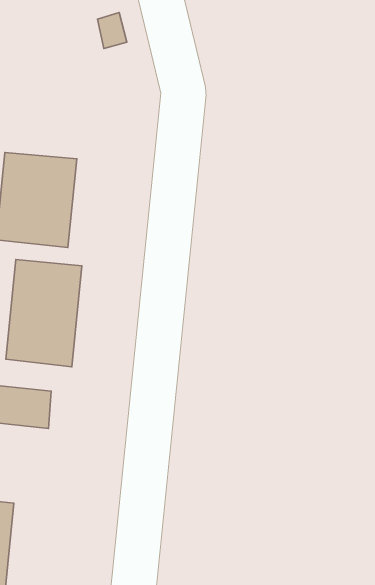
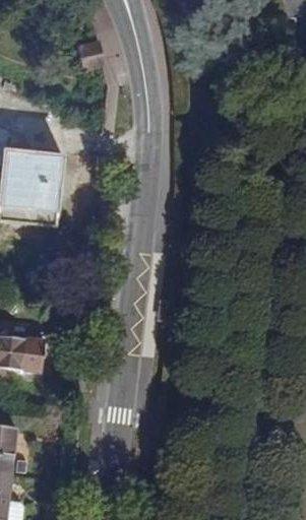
building: [6,260,82,367] -> none

